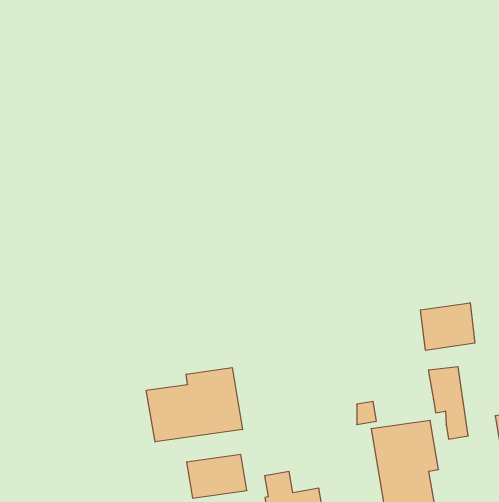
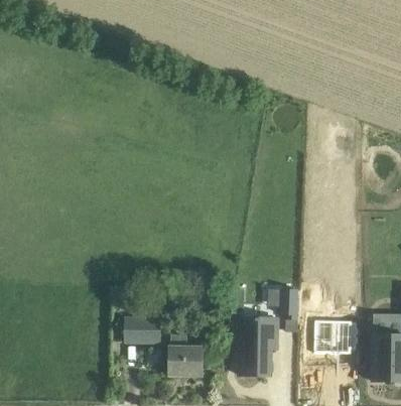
building: [420,303,475,350] -> none
building: [146,368,242,442] -> none

